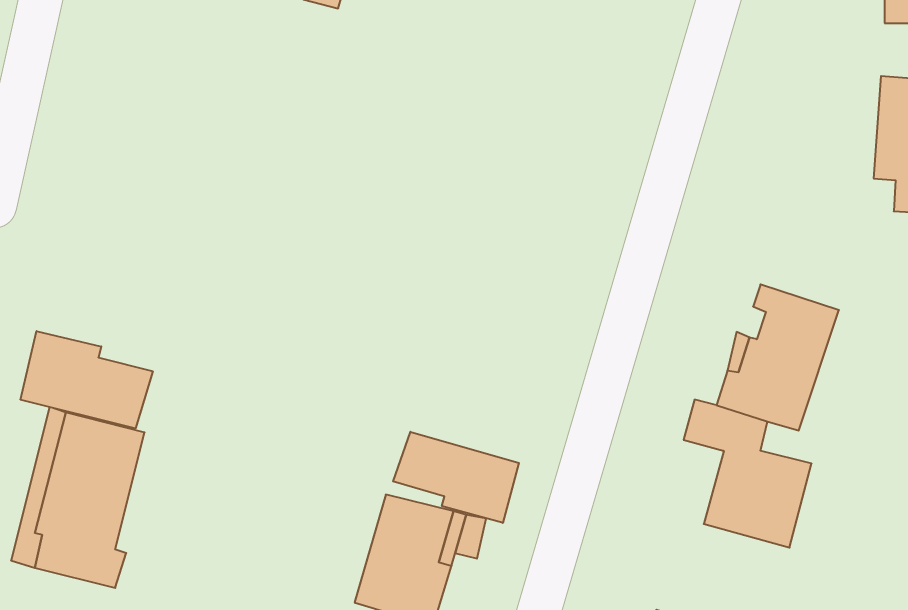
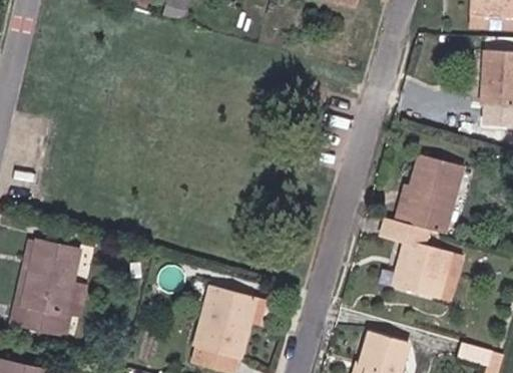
building: [21,331,153,428] -> none
building: [393,432,519,523] -> none

